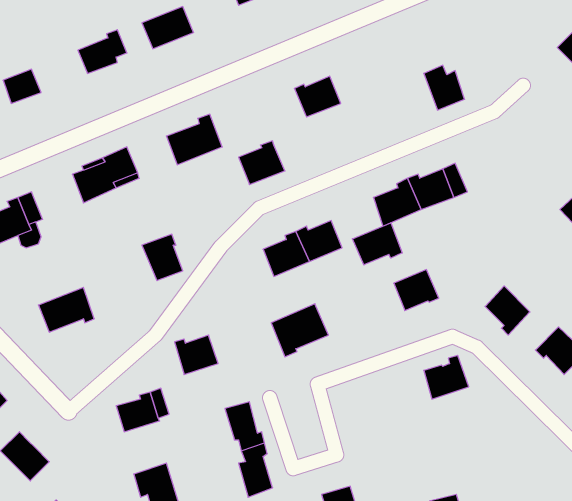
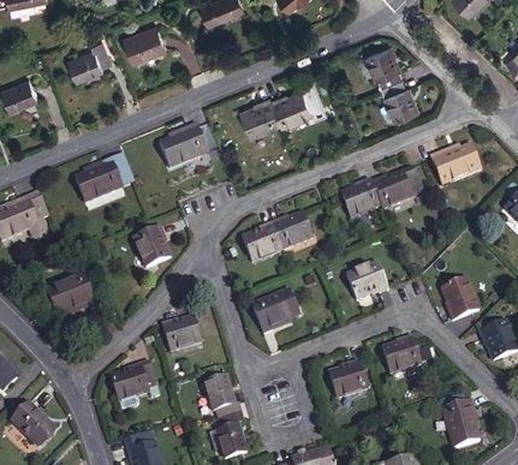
building: none -> [362,43,399,88]
building: none -> [427,144,475,183]
building: [239,141,285,185] -> [237,95,278,133]
building: [352,223,402,265] -> none
building: none -> [327,362,367,399]
building: none -> [442,398,482,448]

